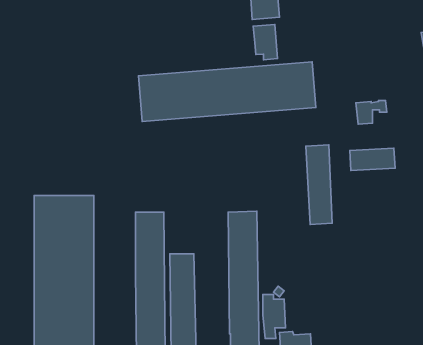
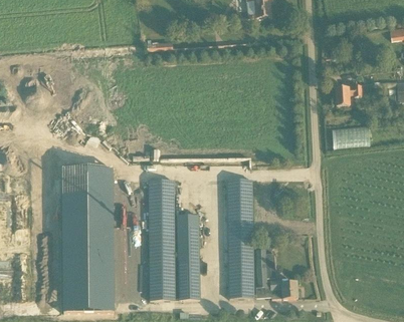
building: [253,25,278,60] -> none
building: [138,62,316,122] -> none
building: [306,145,332,225] -> none

